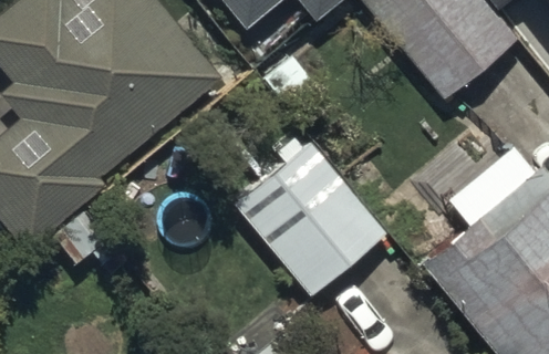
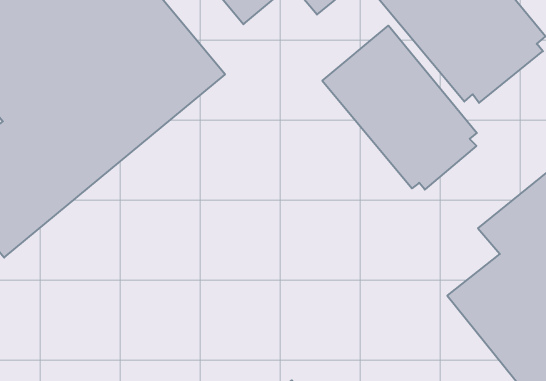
building: none -> [322,26,477,190]
building: [236,140,385,292] -> none

